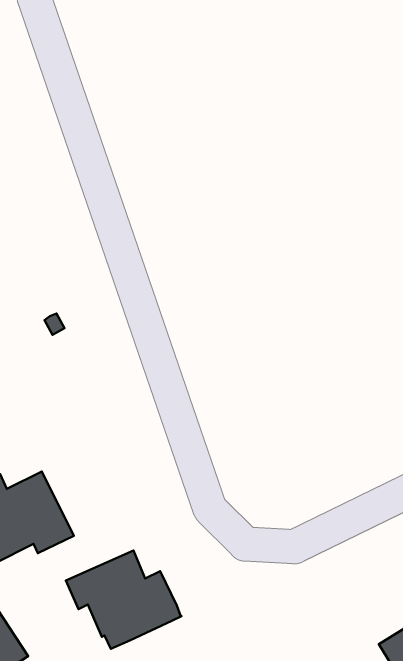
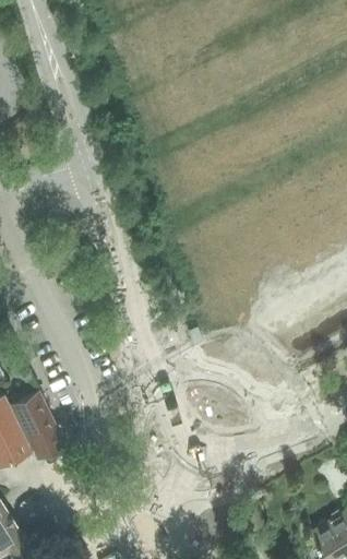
building: [66,550,181,649] -> none

